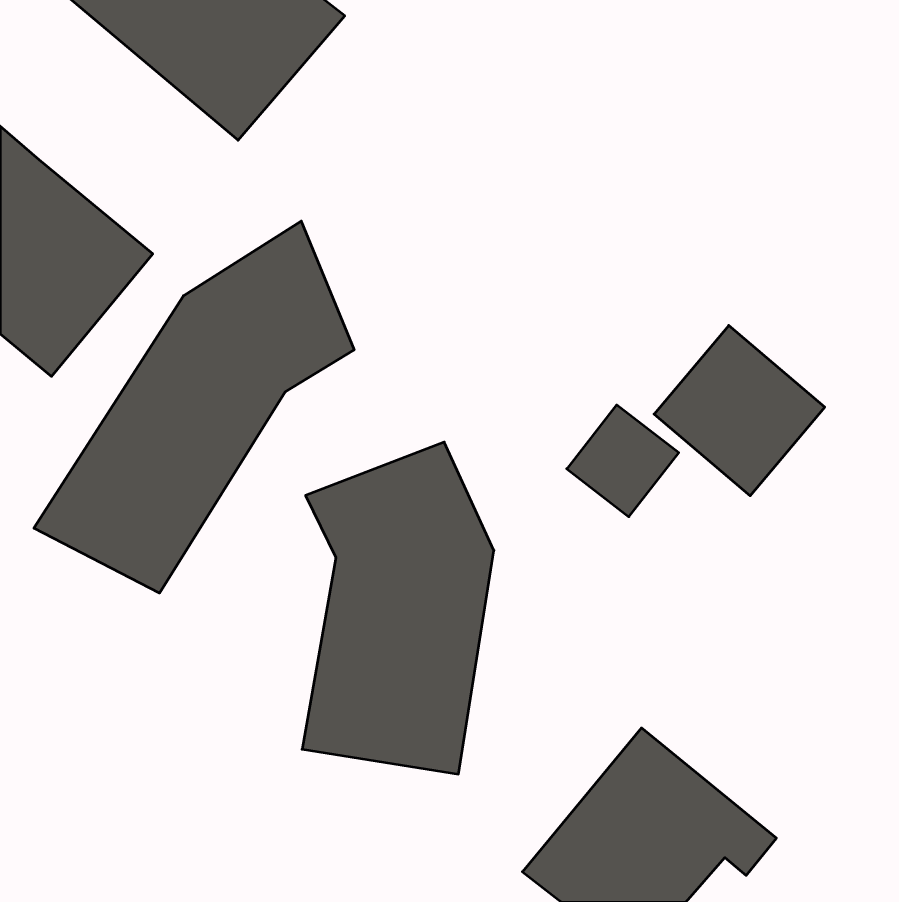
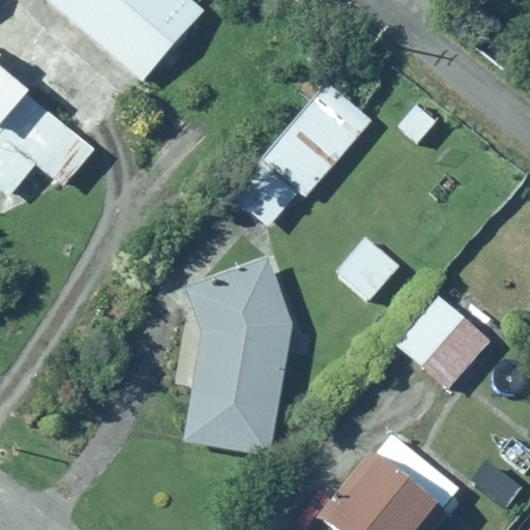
building: none -> [229,79,372,229]
building: [34,221,354,593] -> none
building: [654,325,825,496] -> [390,293,490,392]

